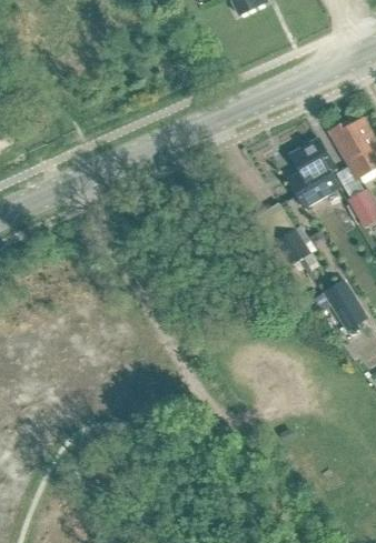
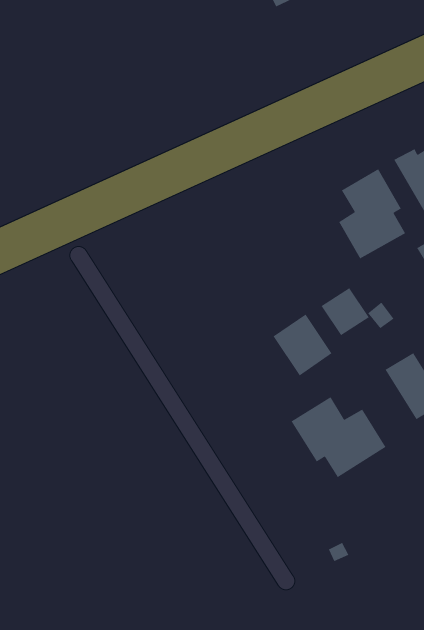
building: none -> [273,313,333,376]
building: none -> [291,396,386,478]

